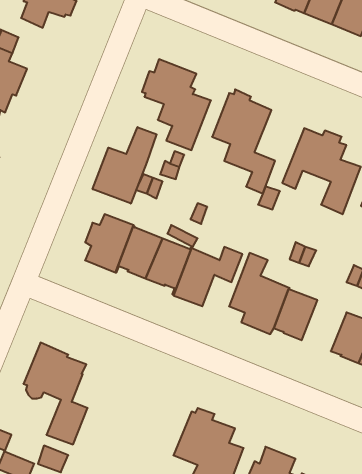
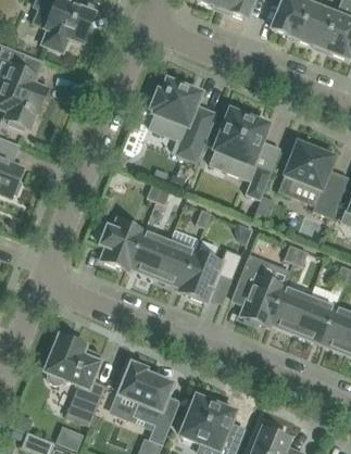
building: [93,127,157,204] -> none
building: none -> [294,297,335,342]
building: none -> [117,363,172,445]

